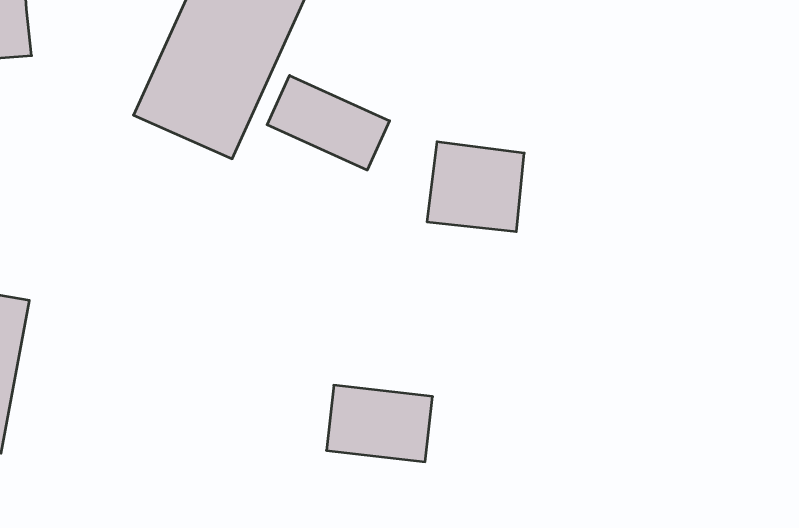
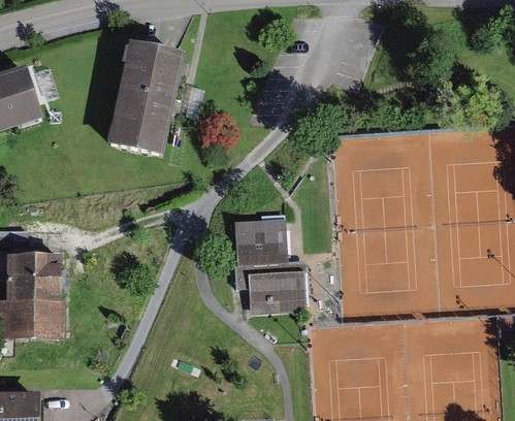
building: [267,75,390,170] -> none
building: [427,142,524,232] -> [225,213,277,259]

